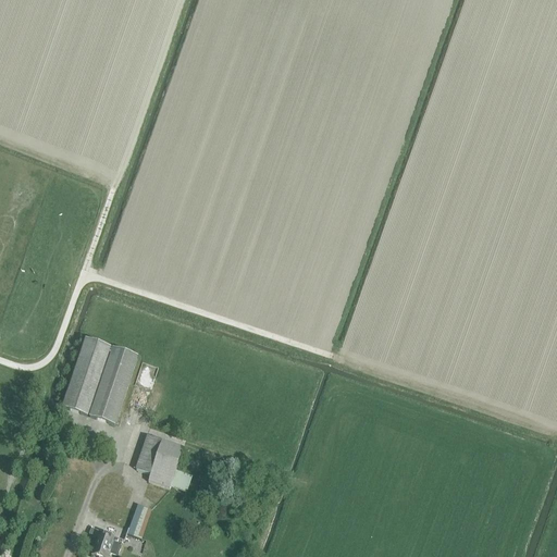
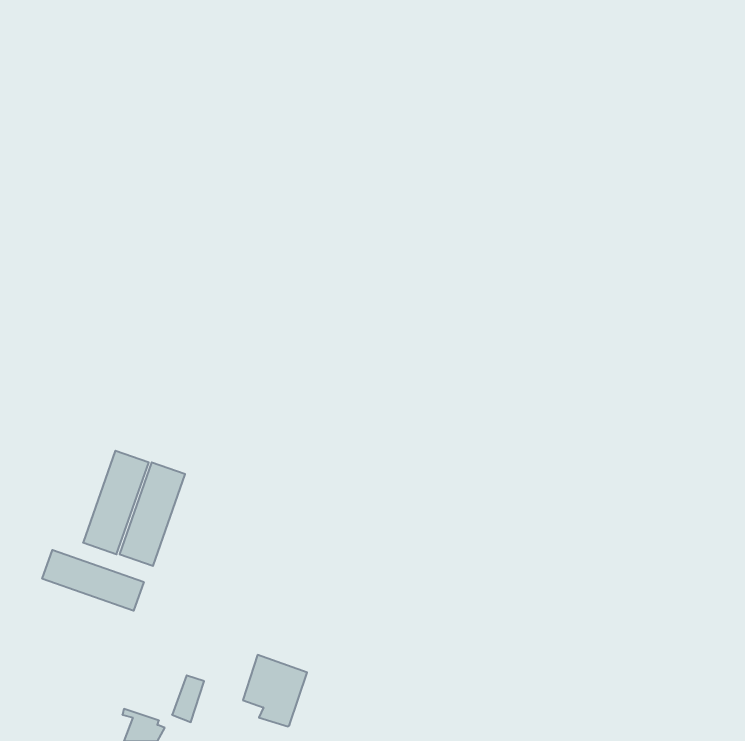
building: none -> [42,550,144,611]
building: [136,434,184,487] -> [243,655,307,726]

